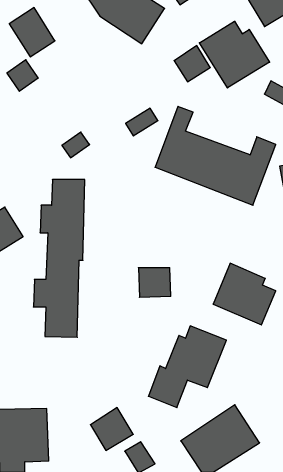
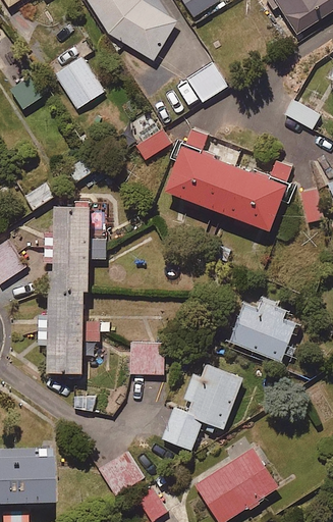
building: [9,8,55,57] -> [54,55,103,108]
building: [199,21,270,88] -> none
building: [138,268,171,297] -> [129,343,164,374]

